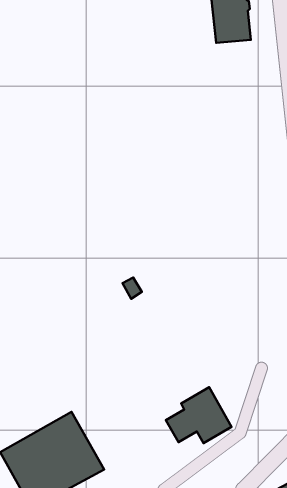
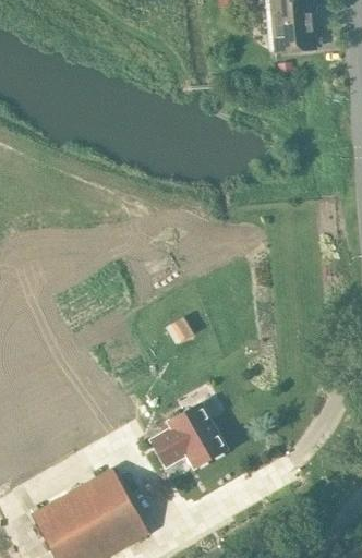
building: [166,387,231,443] -> [150,404,225,468]

